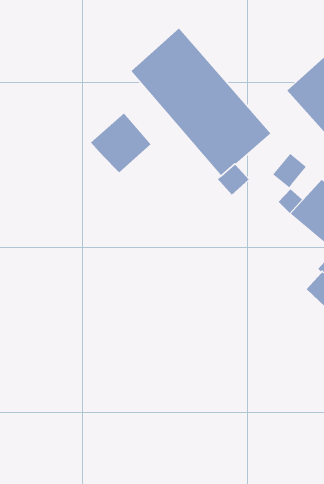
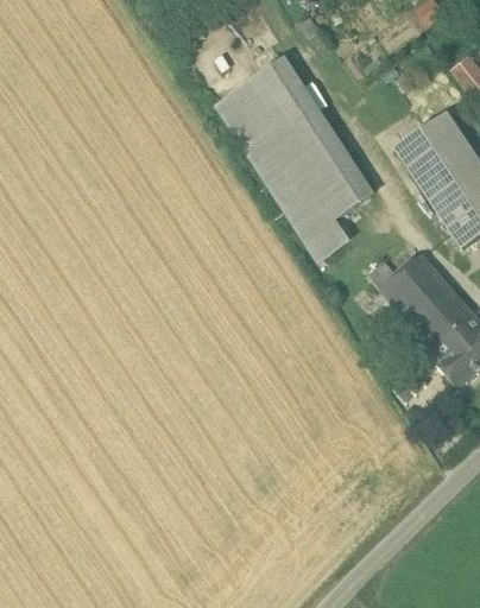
building: [90,113,151,173] -> none
building: [272,153,307,189] -> none

